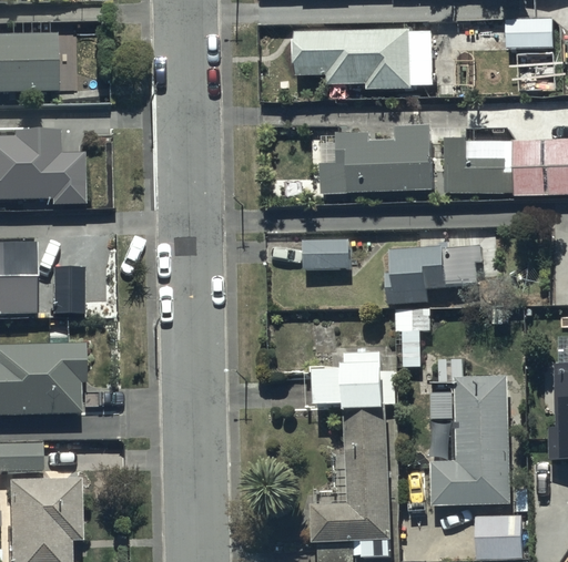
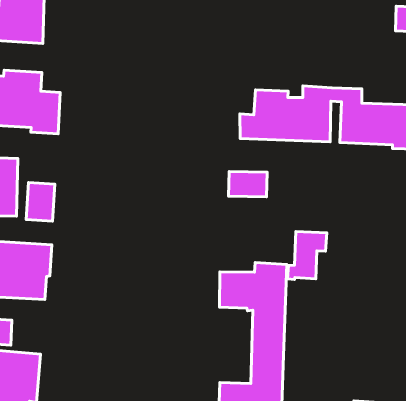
building: [284,27,429,91] -> none
building: [384,243,484,302] -> none
building: [425,367,504,504] -> none

